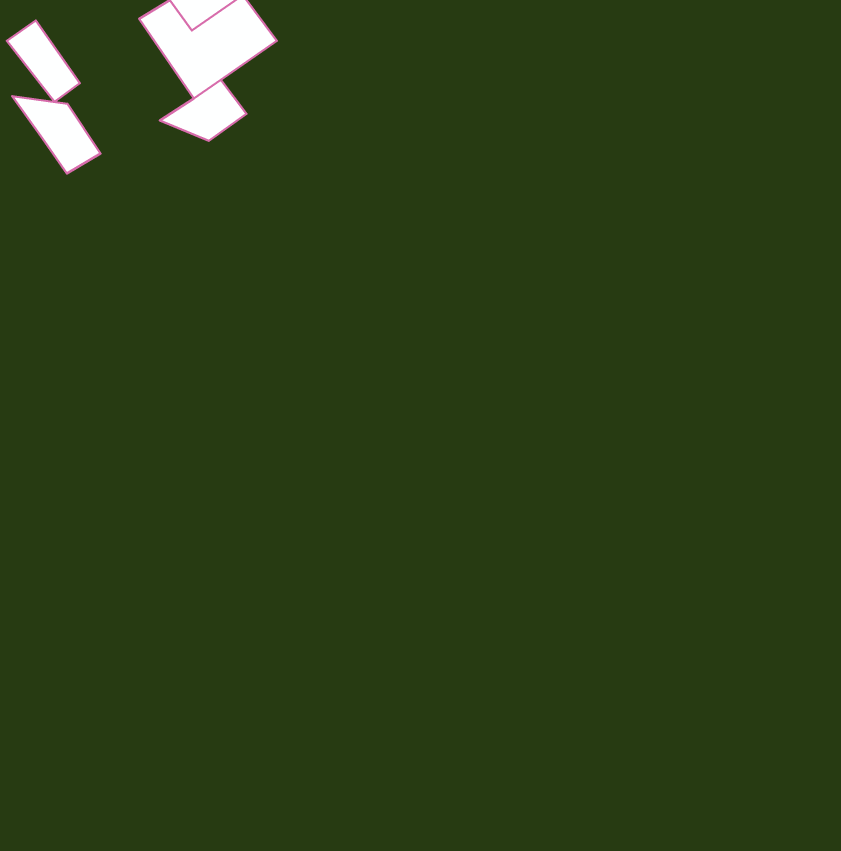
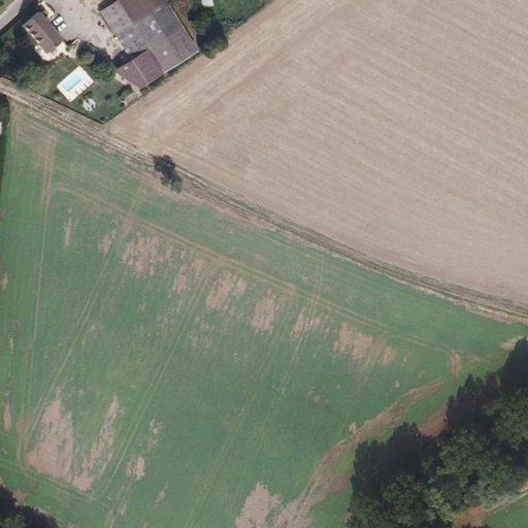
building: none -> [151,25,199,69]
building: [12,96,100,173] -> none

